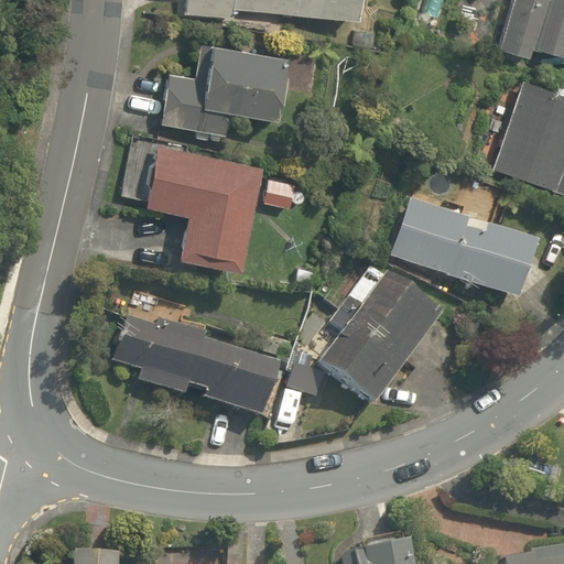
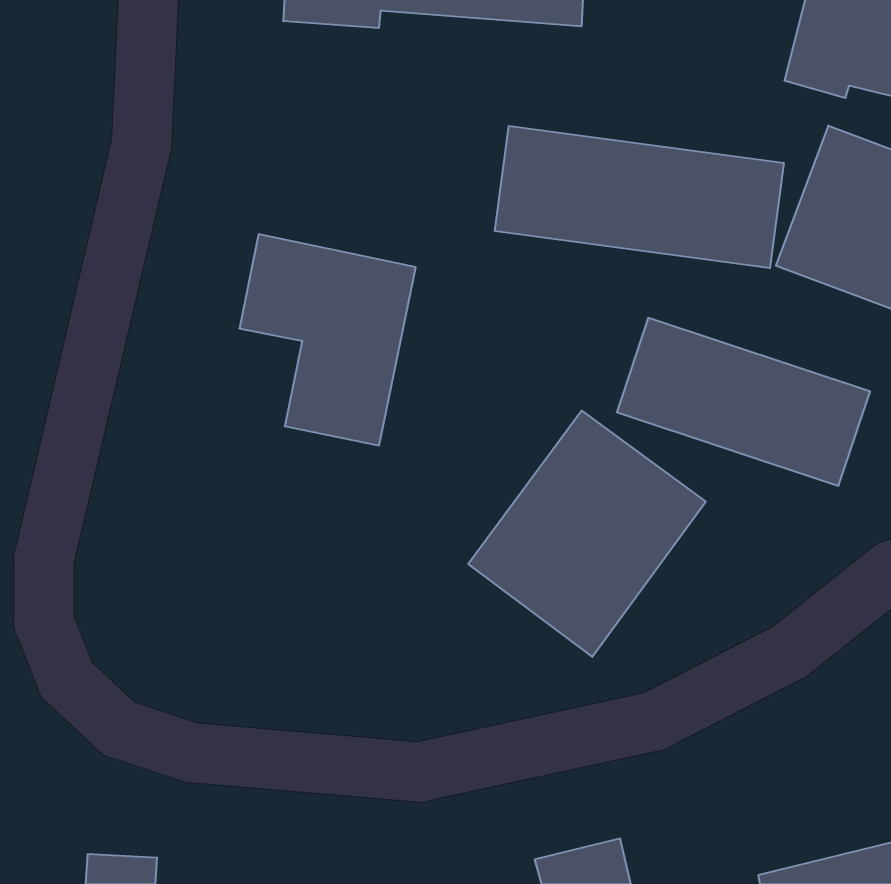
building: [163,42,296,135] -> none
building: none -> [495,126,784,268]
building: [123,312,283,422] -> none

